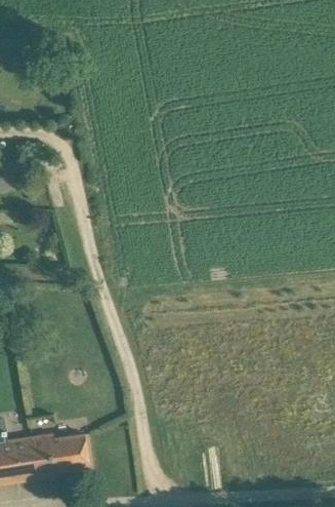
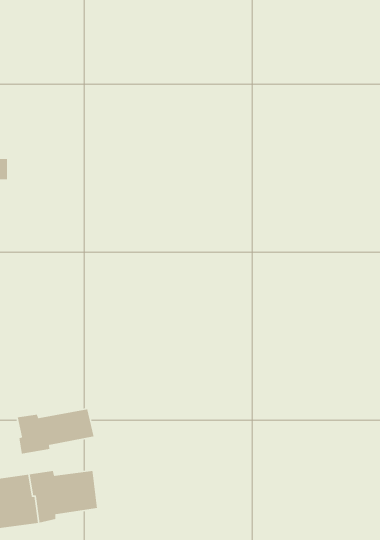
building: none -> [17,409,94,454]

